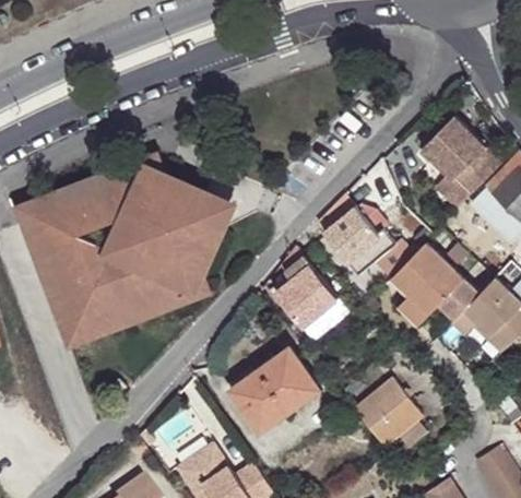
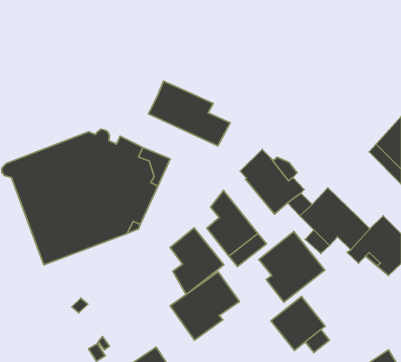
building: none -> [149,81,230,146]
building: [421,117,501,197] -> none
building: none -> [170,228,224,295]
building: none -> [259,231,325,302]

